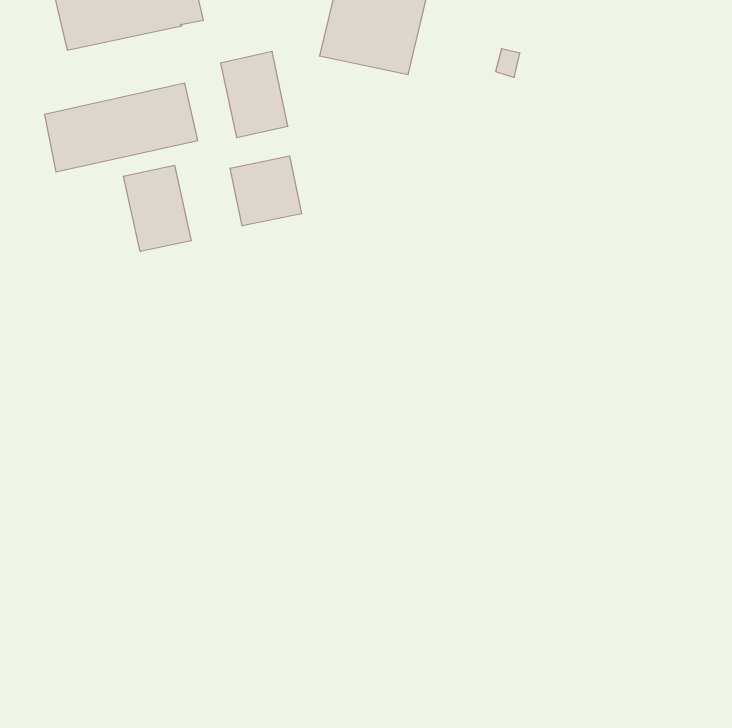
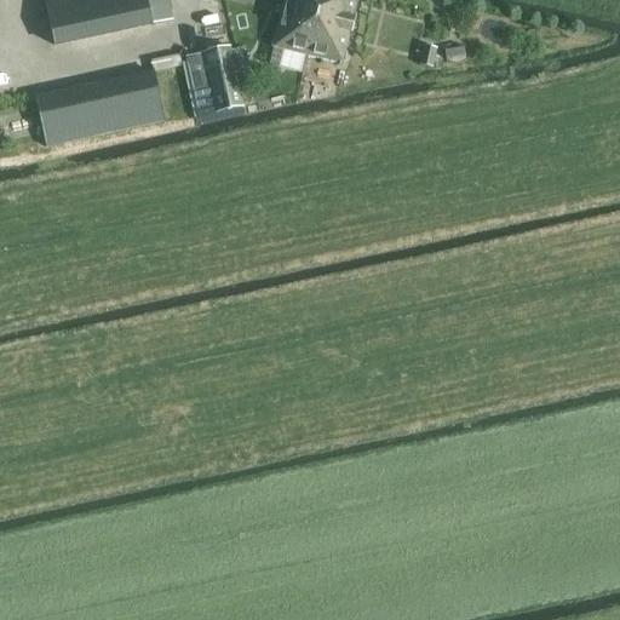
building: [230,156,302,226] -> none
building: [124,165,191,252] -> none

